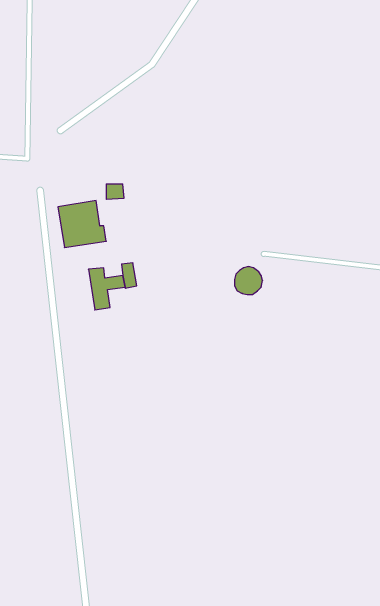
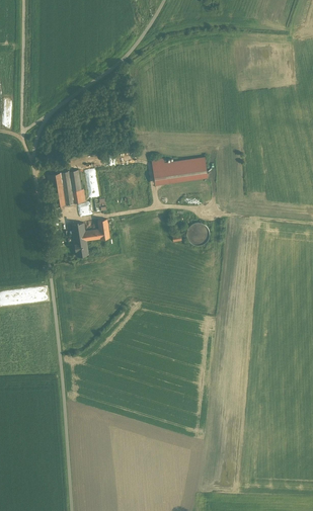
building: none -> [154,159,207,181]

